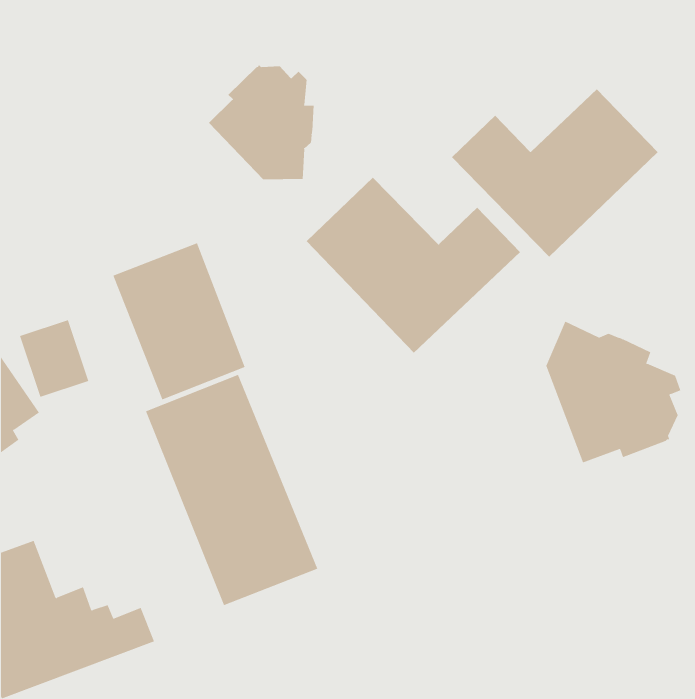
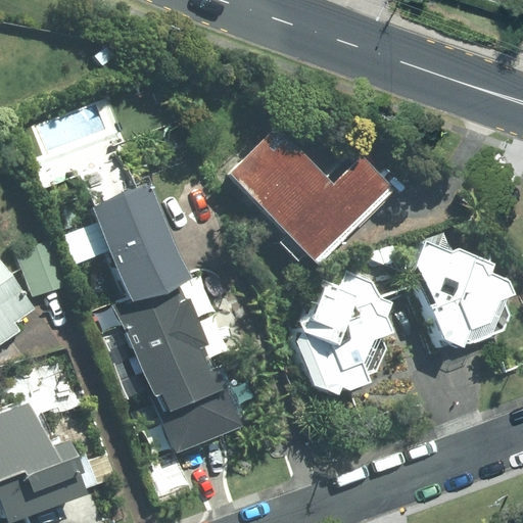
building: [208,64,314,180] -> none
building: [451,89,659,258] -> none
building: none -> [296,264,390,393]

